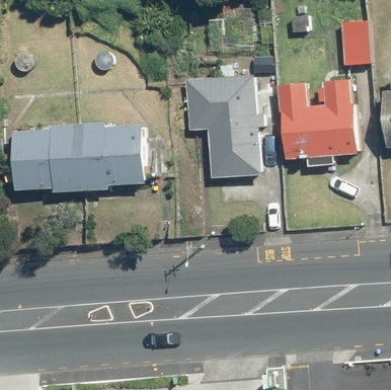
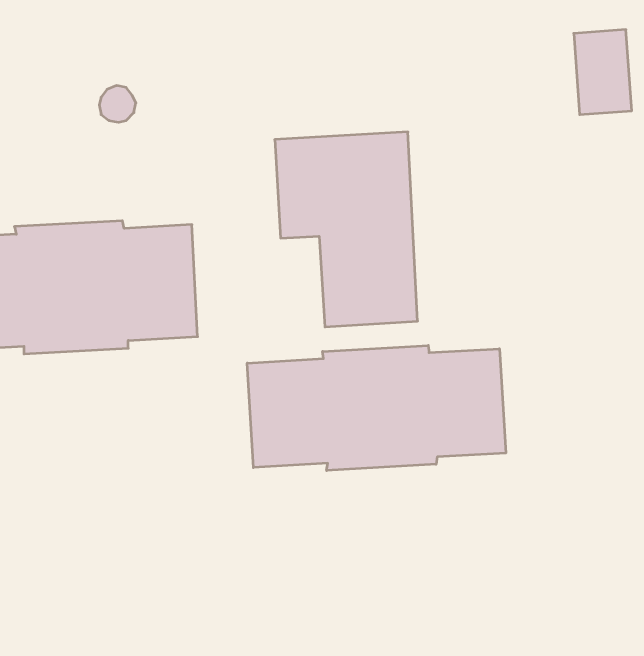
building: [279,79,357,167] -> none
building: none -> [247,345,506,471]

